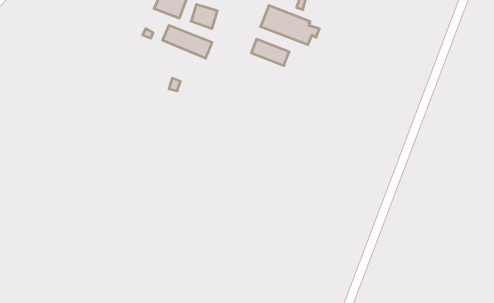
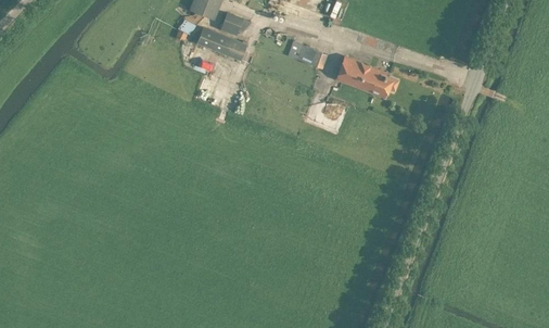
building: [260,6,319,45] -> [336,56,397,97]

